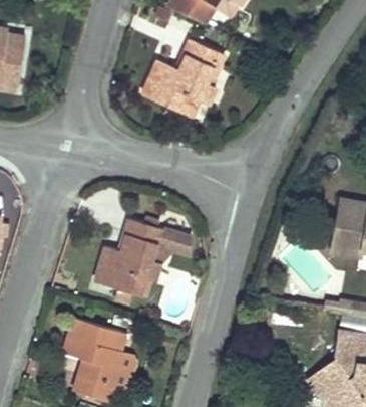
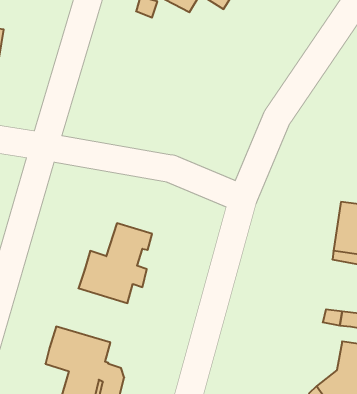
building: [141,39,224,116] -> none
building: [149,229,191,262] -> none

